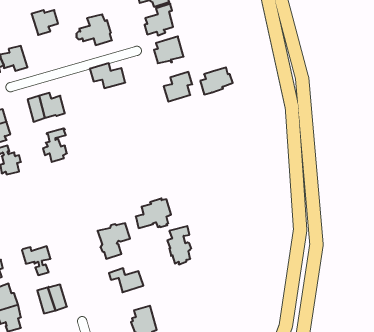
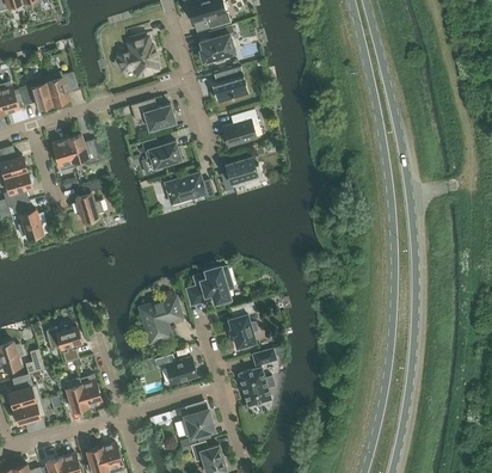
building: [31,10,58,35] -> [44,73,78,104]
building: [200,67,233,94] -> [220,158,260,191]
building: none -> [141,140,182,168]
building: none -> [164,173,214,204]
building: none -> [238,345,283,407]

